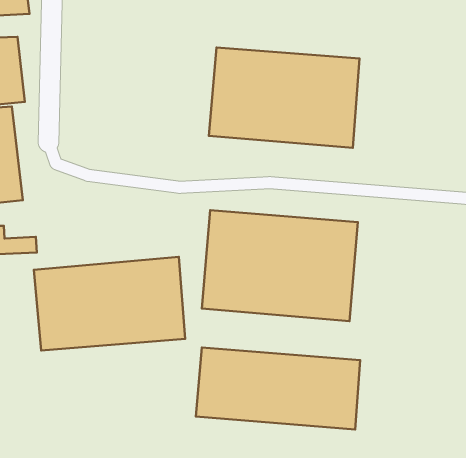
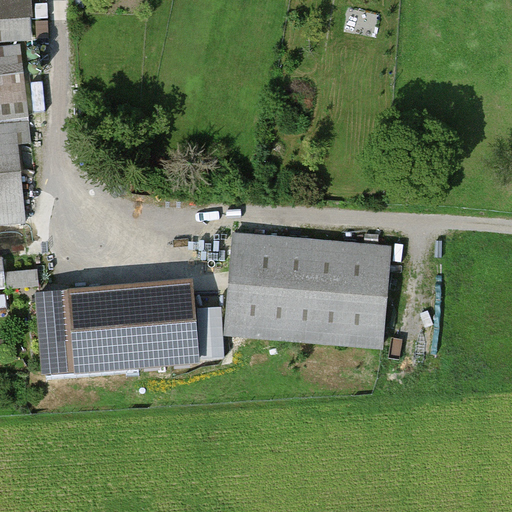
building: [209,48,359,148] -> none
building: [196,348,360,430] -> none

